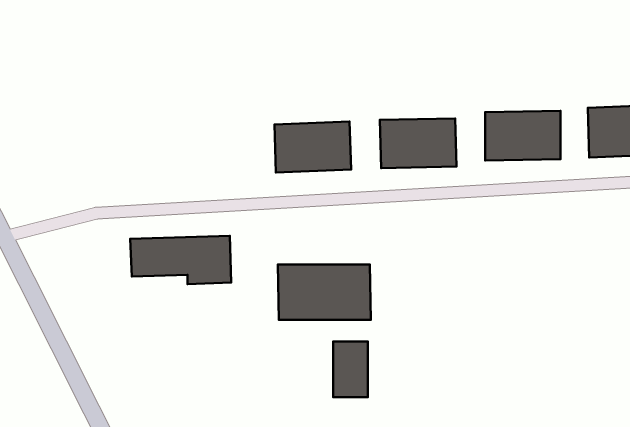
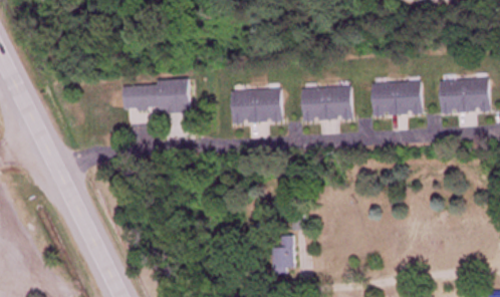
building: [130,236,231,284] -> [122,80,190,112]
building: [278,265,371,320] -> none

